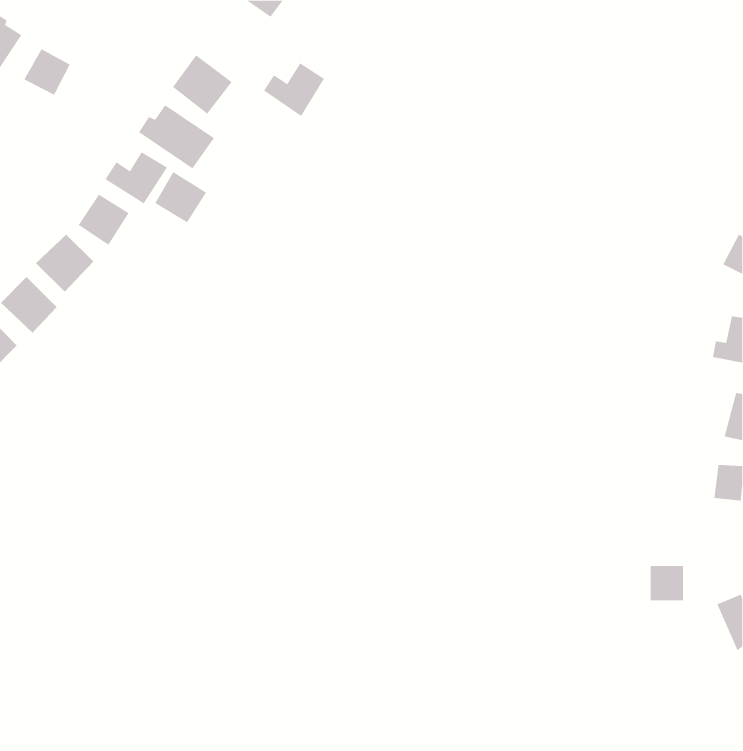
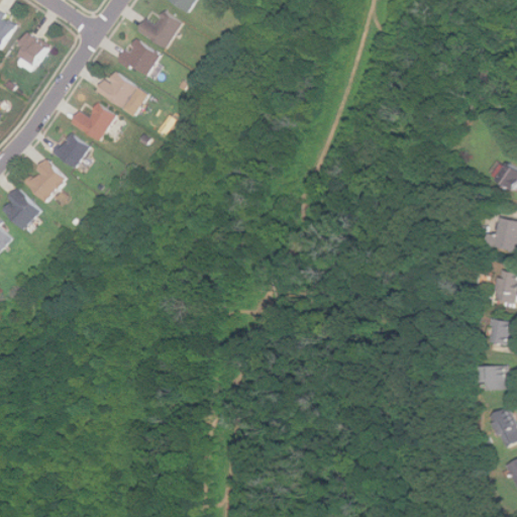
building: [263,63,325,117] -> [138,11,181,48]
building: [155,171,207,223] -> none
building: [650,565,684,601] -> [483,366,506,390]

